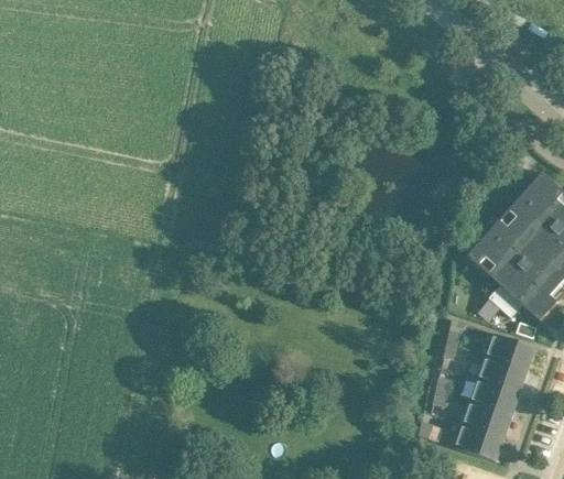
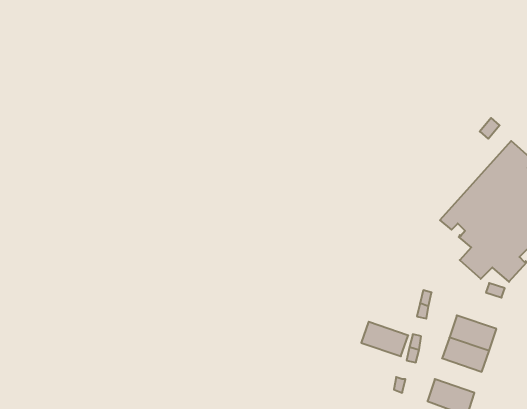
building: [485,333,535,370] -> none
building: [462,401,511,437] -> [361,322,408,356]

